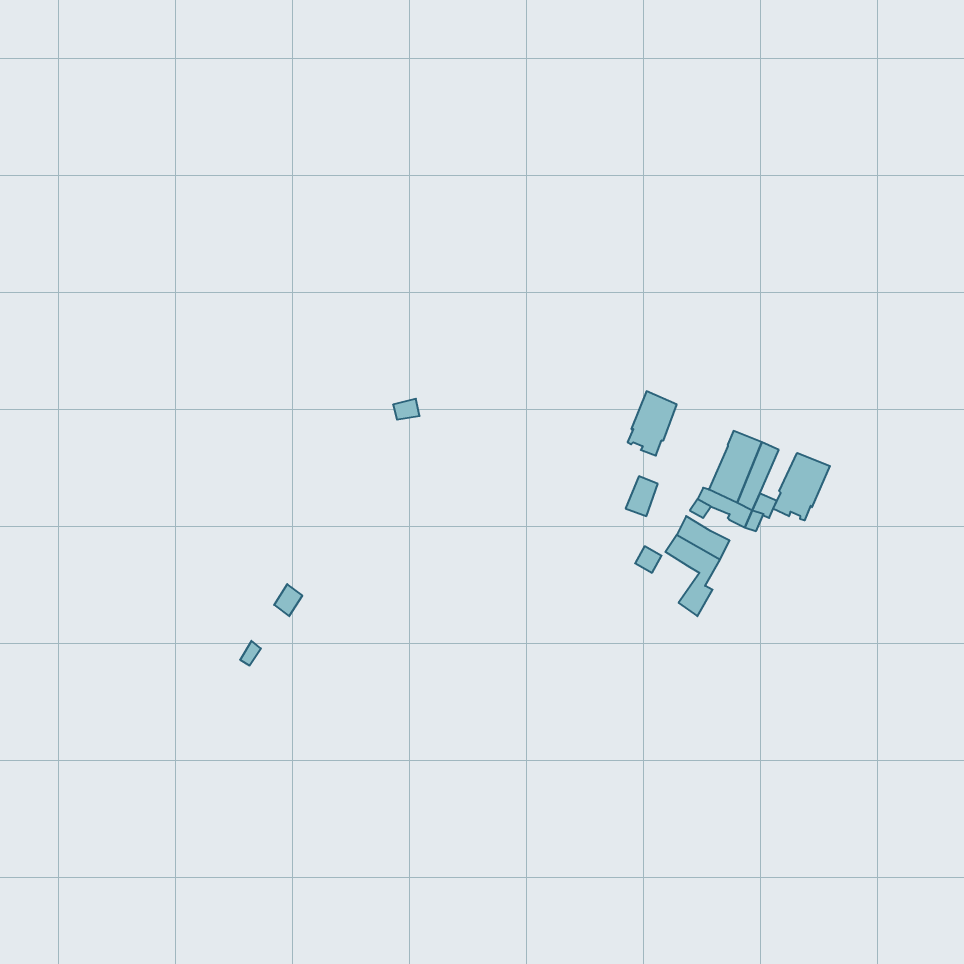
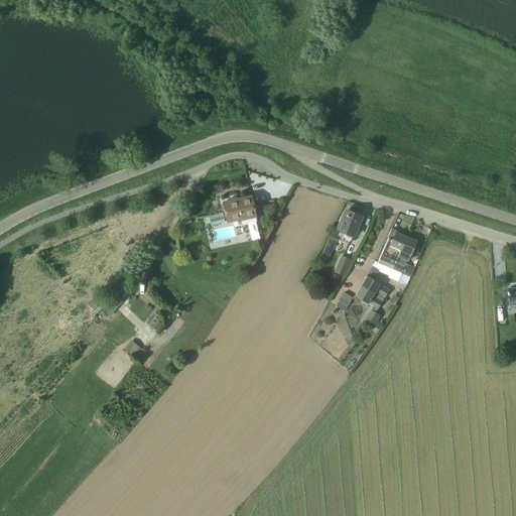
building: none -> [224,196,258,224]
building: [773,453,830,520] -> none

